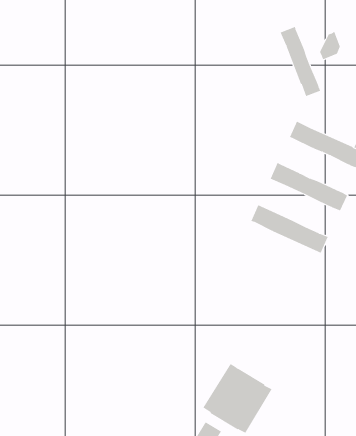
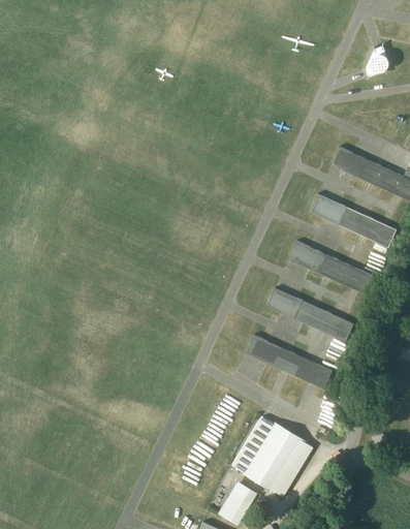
building: [280,26,321,97] -> none
building: none -> [265,287,353,341]
building: none -> [245,334,332,388]

